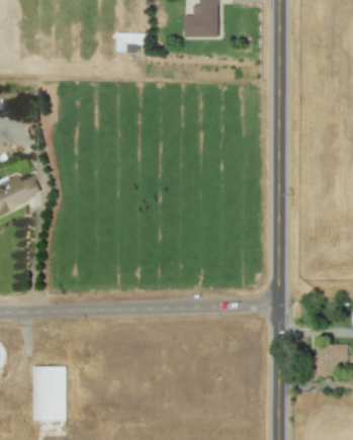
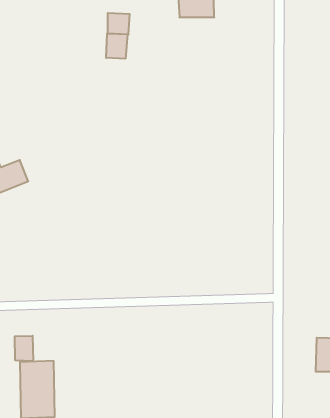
building: none -> [106,33,127,59]
building: none -> [15,336,33,361]

